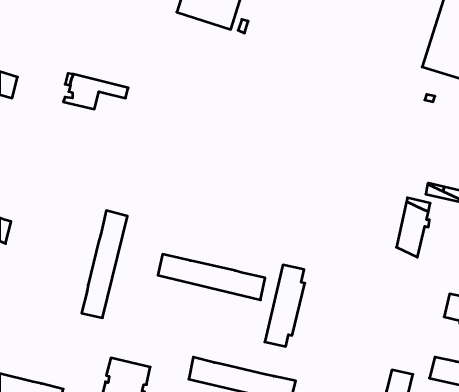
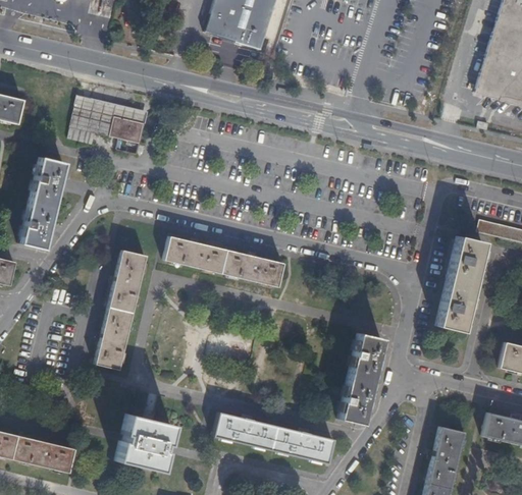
building: none -> [109,117,144,144]
building: none -> [20,158,64,249]
building: none -> [437,290,471,332]
building: [158,254,265,300] -> [164,236,283,287]
building: [265,265,305,346] -> [338,333,383,424]

